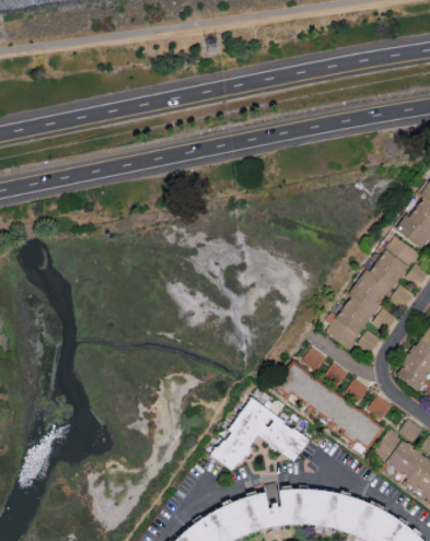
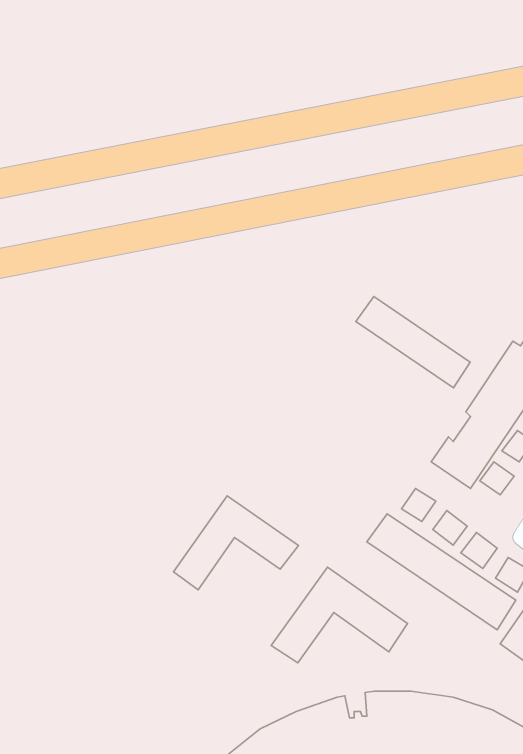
building: none -> [356,296,470,388]
building: none -> [174,496,299,590]

